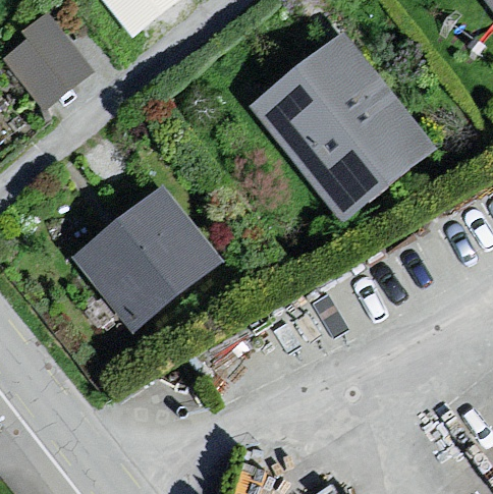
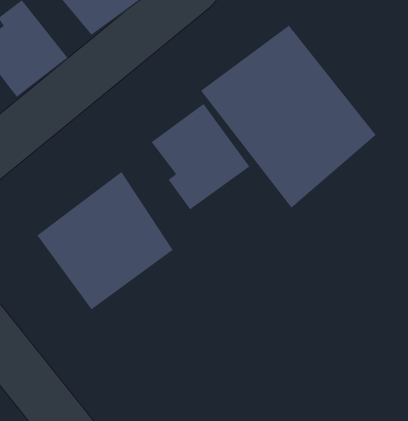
building: none -> [151,103,250,210]

